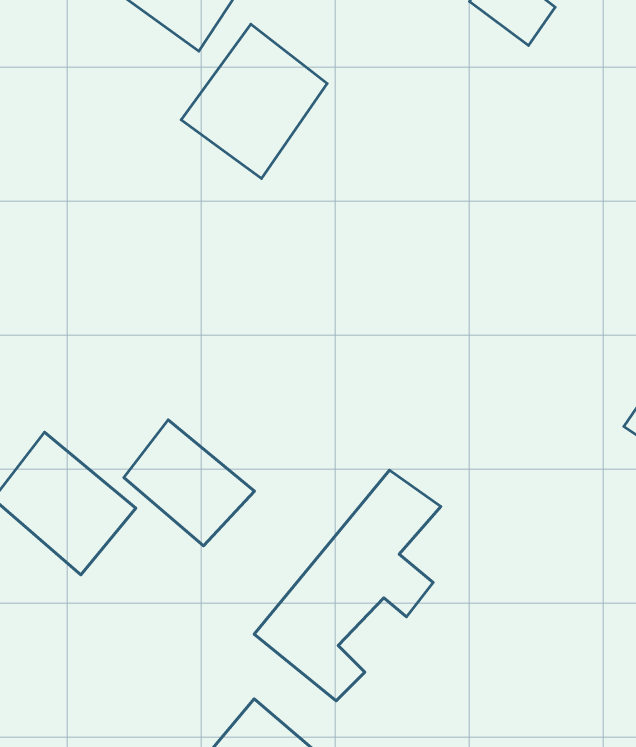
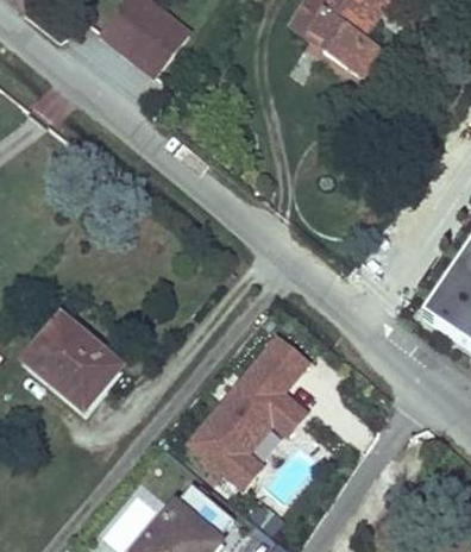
building: [181,24,327,178] -> none
building: [124,420,255,546] -> none

